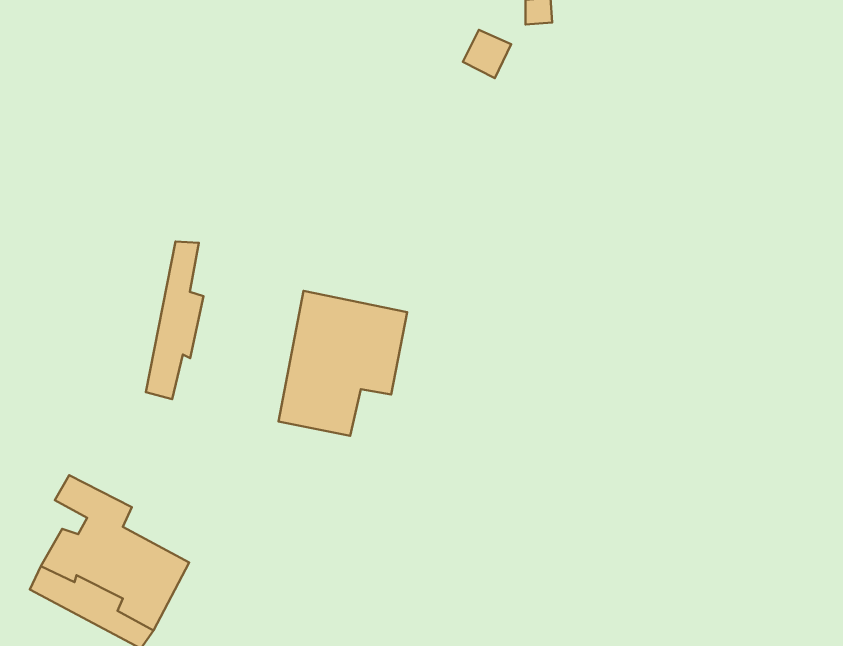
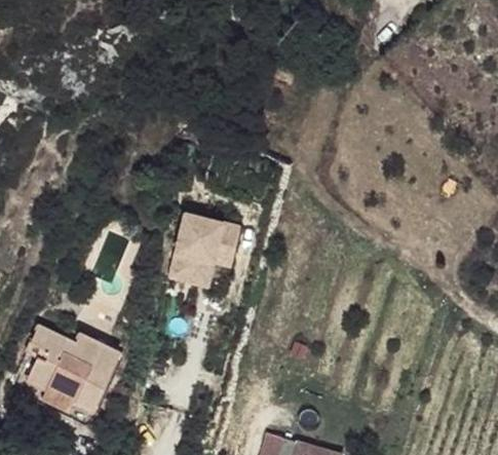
building: [146,242,204,399] -> none

